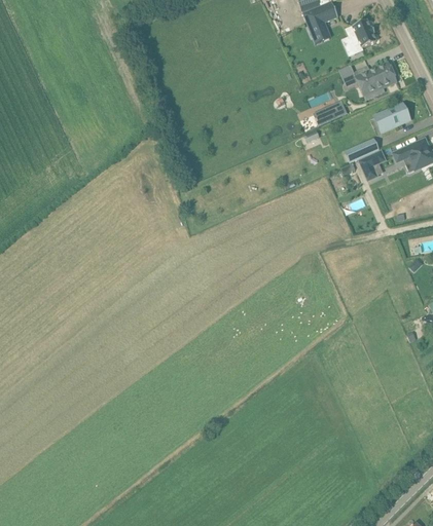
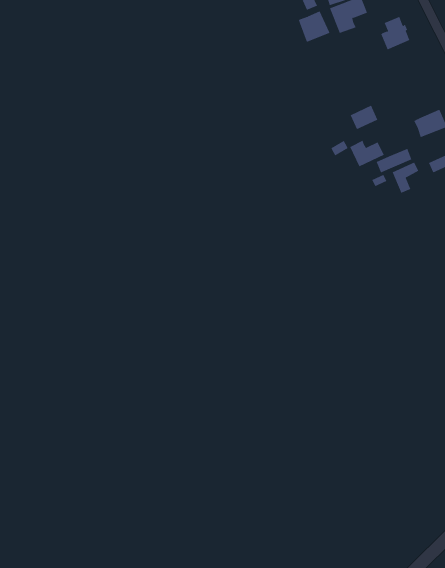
building: none -> [298,10,330,43]
building: [354,61,397,100] -> none
building: none -> [349,140,384,167]

